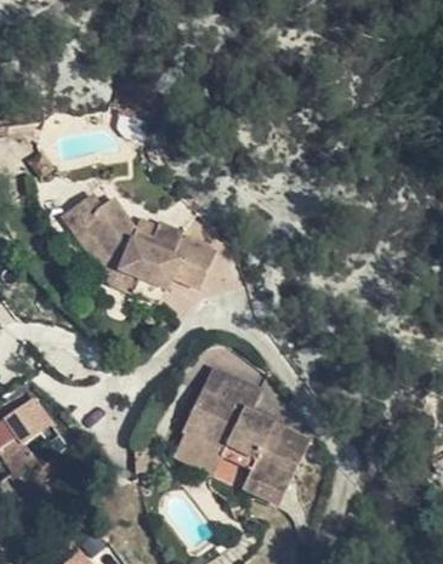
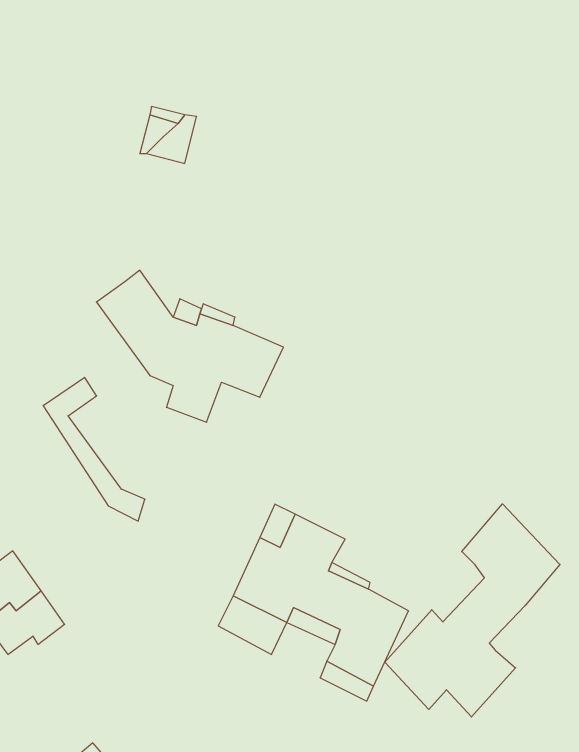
building: [64,192,138,296] -> [43,377,145,521]
building: none -> [385,504,560,717]

